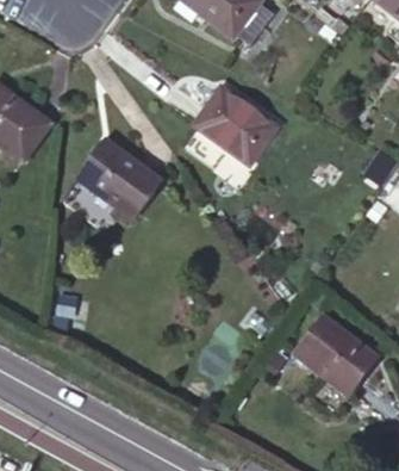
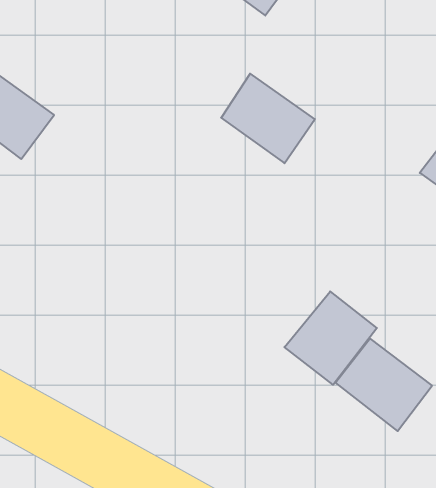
building: [80,140,162,219] -> none
building: none -> [284,291,377,385]

